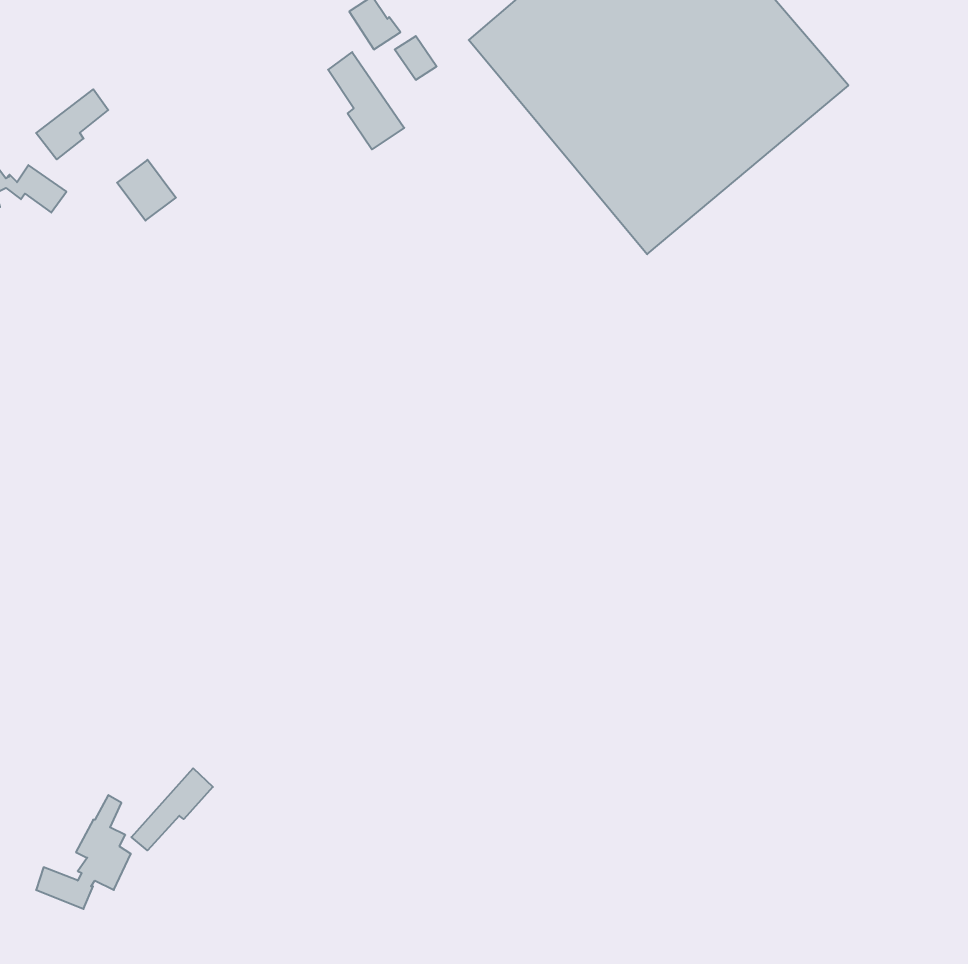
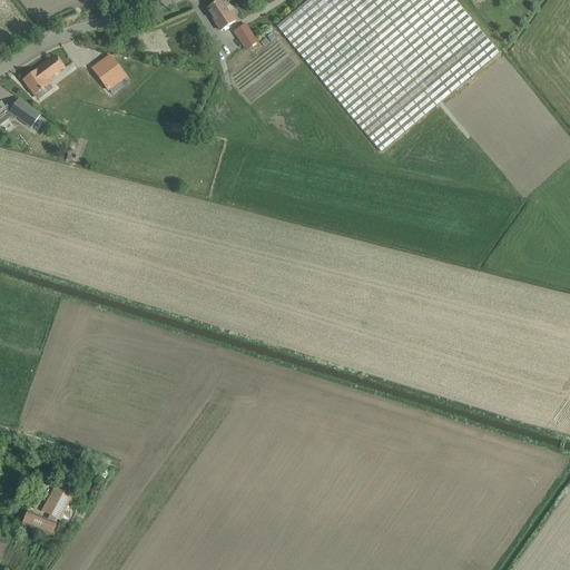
building: [328,52,404,149] -> none
building: [117,160,176,221] -> [90,52,125,88]
building: [131,768,213,850] -> none

